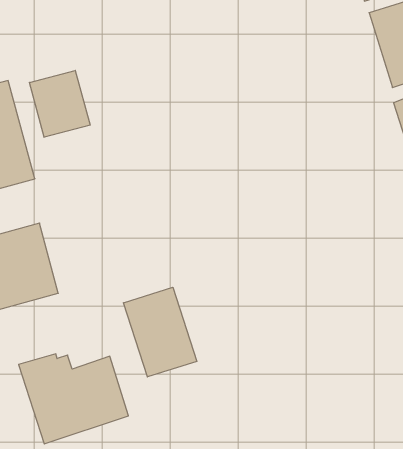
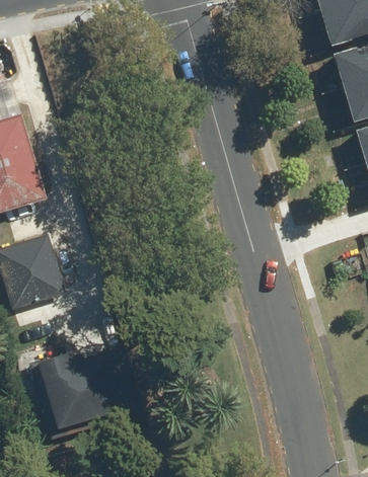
building: [29,70,90,137] -> none
building: [123,287,197,377] -> none

